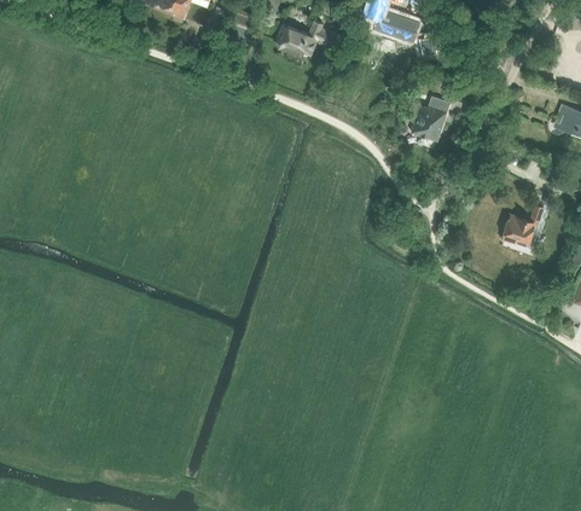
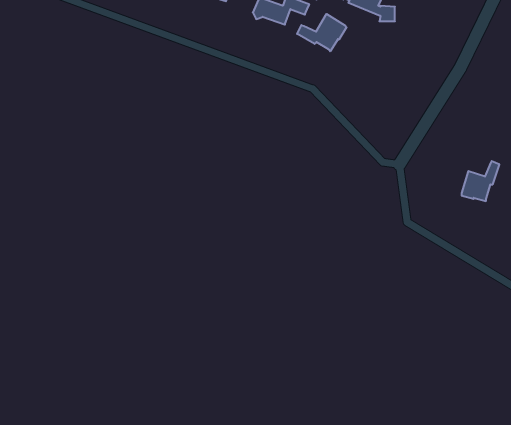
building: none -> [297,14,347,51]
building: [409,98,449,140] -> none

